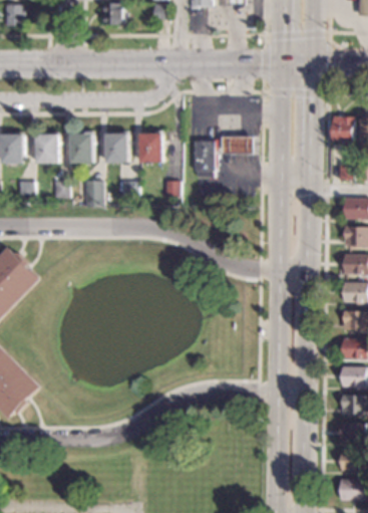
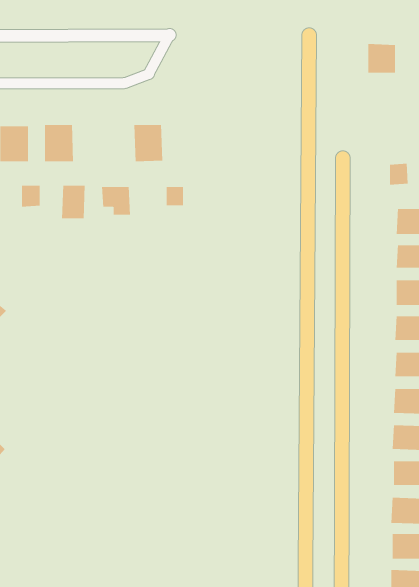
building: [332,116,354,140] -> [367,44,396,73]
building: [105,134,127,163] -> none
building: [221,137,253,154] -> none
building: [194,140,216,177] -> none

